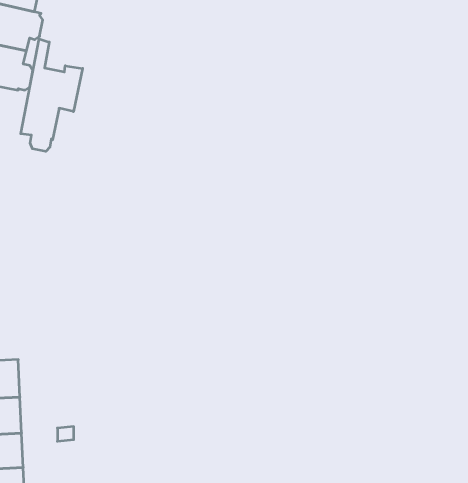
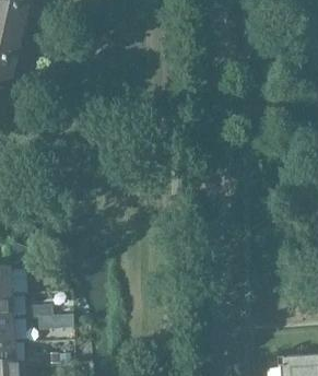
building: [21,39,83,151] -> none

